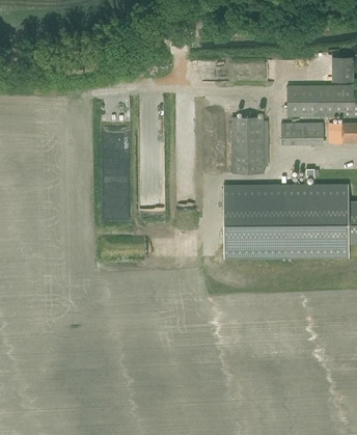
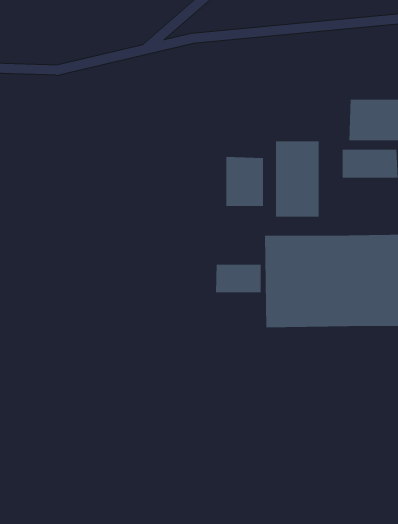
building: none -> [226,156,264,207]
building: none -> [215,264,261,293]

